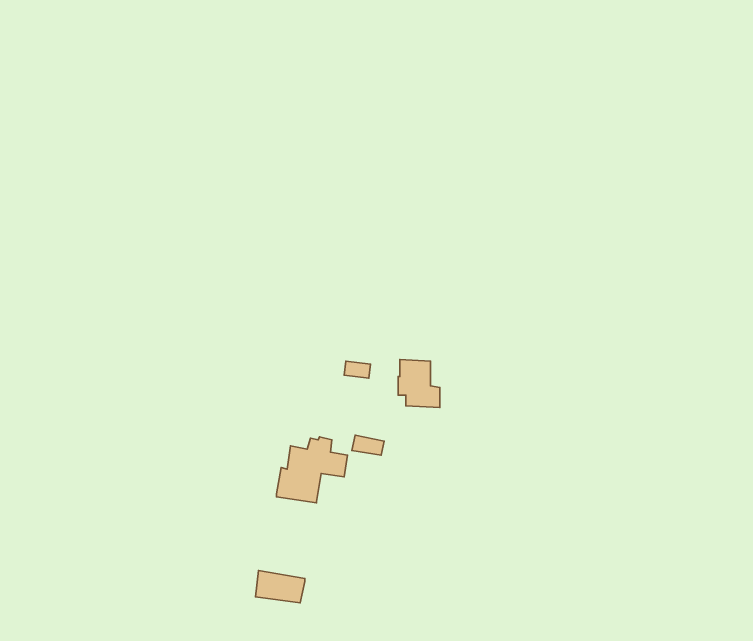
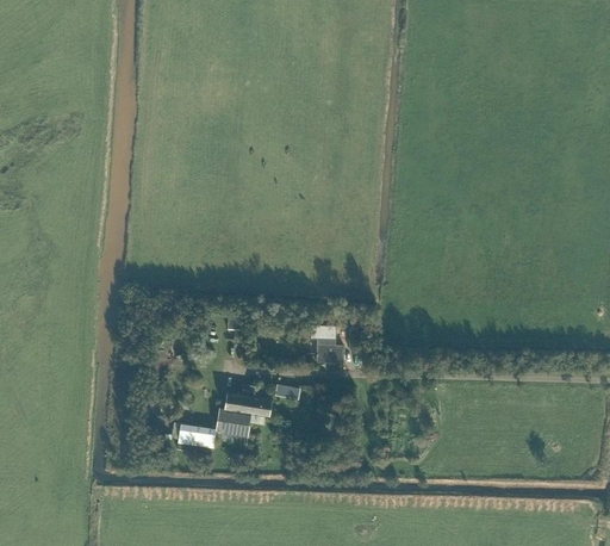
building: [256,571,305,603] -> [179,424,217,449]

